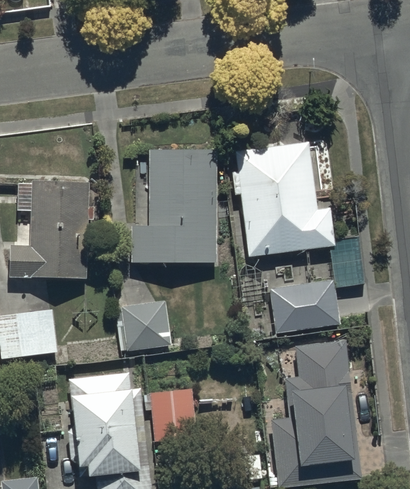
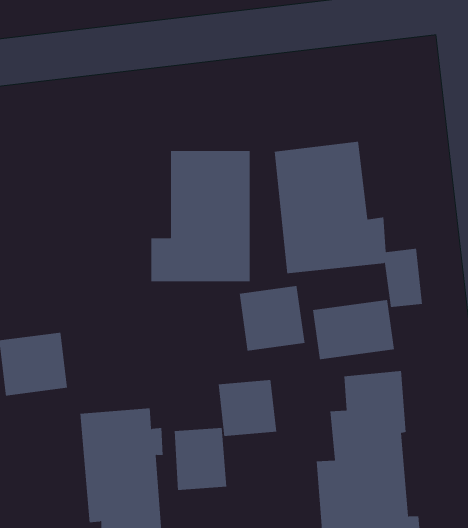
building: [11,182,90,281] -> none
building: none -> [239,285,305,352]
building: [119,300,170,349] -> [218,379,277,436]

